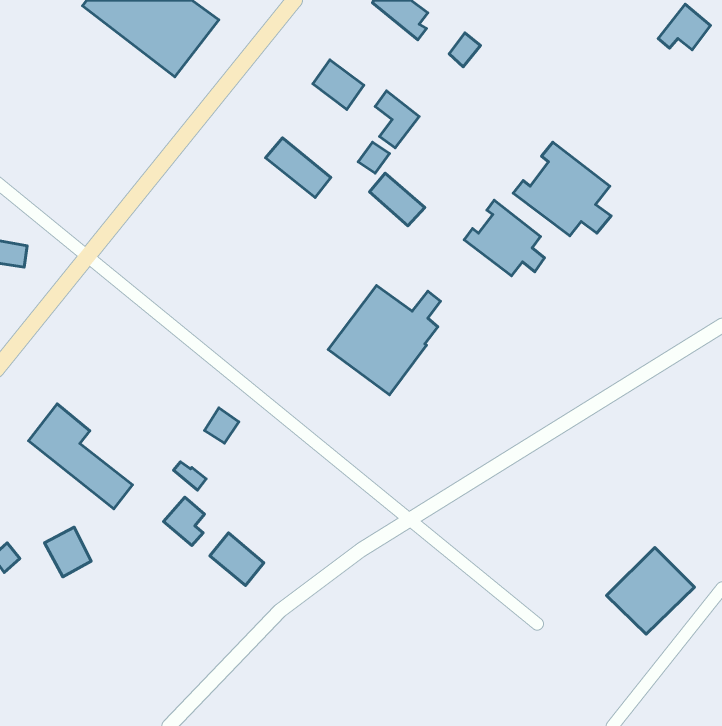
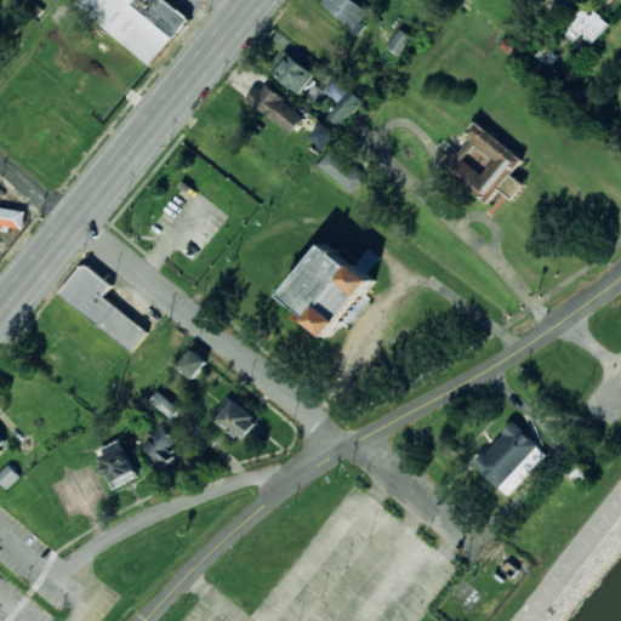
building: [265,138,331,197] -> [245,82,301,133]
building: [464,200,545,276] -> none
building: [29,404,132,509] -> [57,262,146,352]
building: [44,527,91,577] -> [95,445,135,488]
building: [210,533,264,586] -> [211,395,257,440]
building: [606,547,695,634] -> [469,421,545,495]

